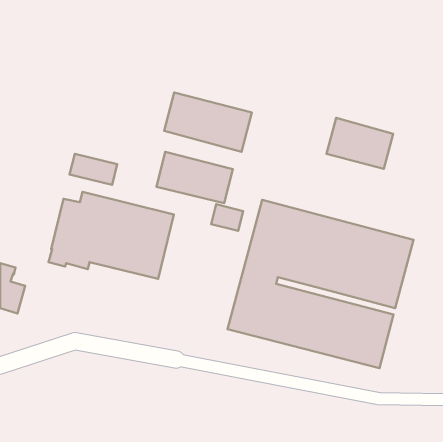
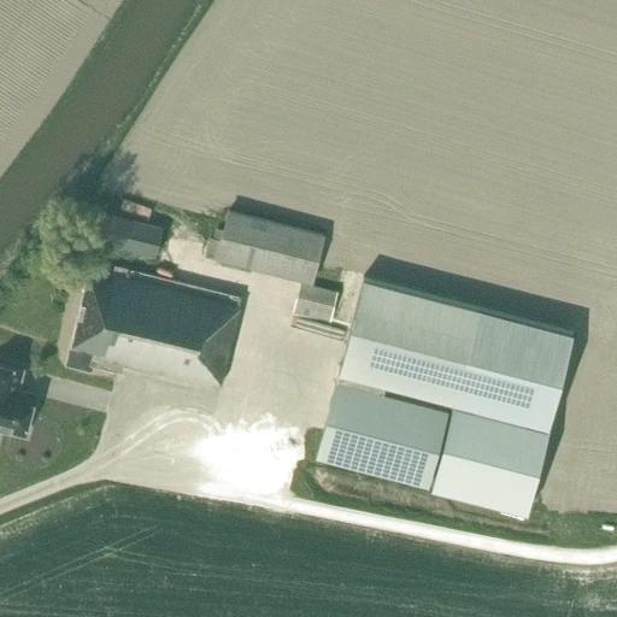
building: [164,92,252,152] -> none
building: [326,118,393,169] -> none

